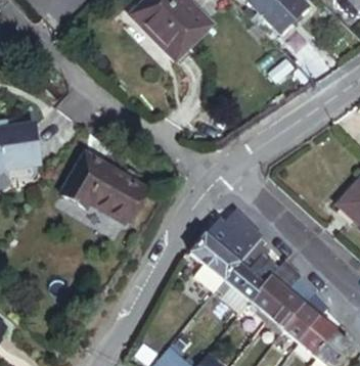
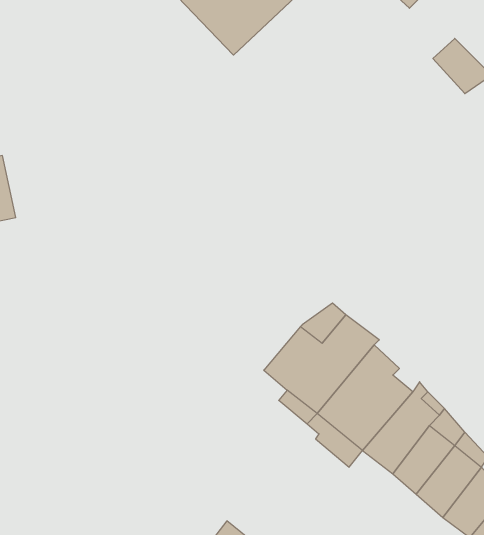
building: [73,152,142,216] -> none

